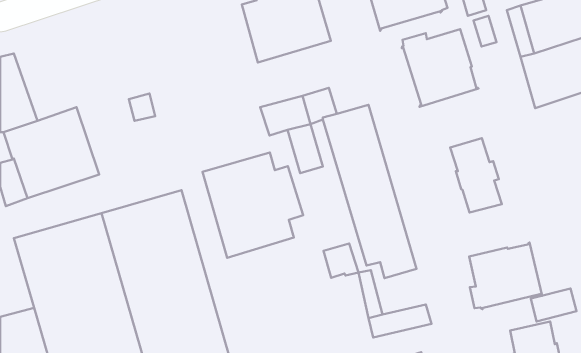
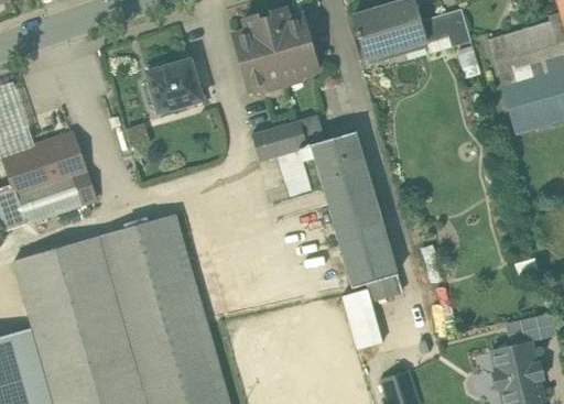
building: [402,29,478,107] -> none
building: none -> [142,61,202,112]
building: [450,138,502,212] -> none
building: [202,152,303,258] -> none
building: [469,242,542,309] -> none
building: [323,243,358,278] -> none

